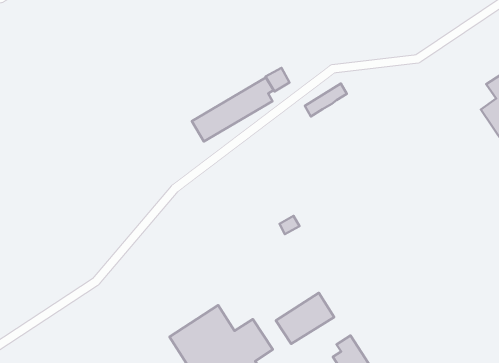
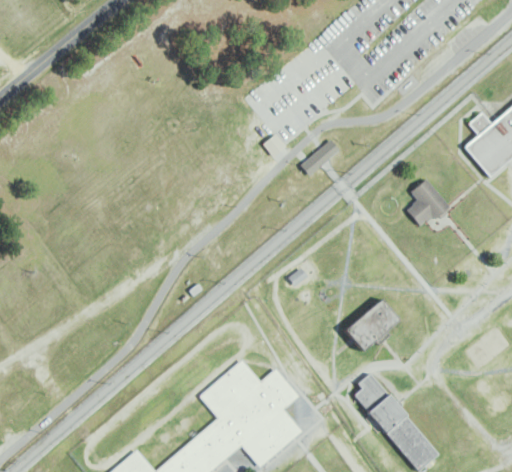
building: [192,77,273,142] -> none
building: none -> [405,179,450,228]
building: [276,293,334,344] -> [342,302,396,353]

